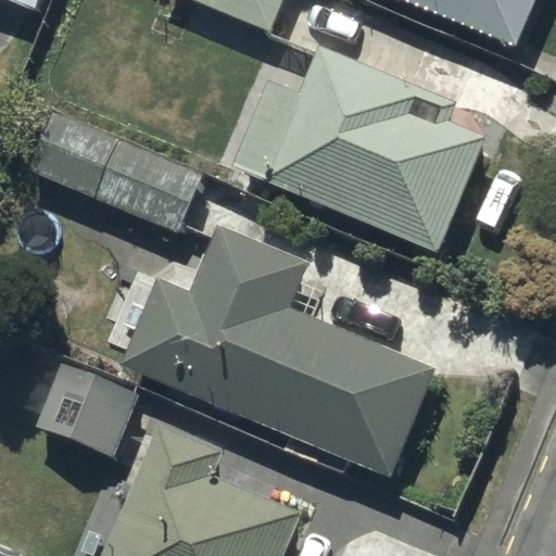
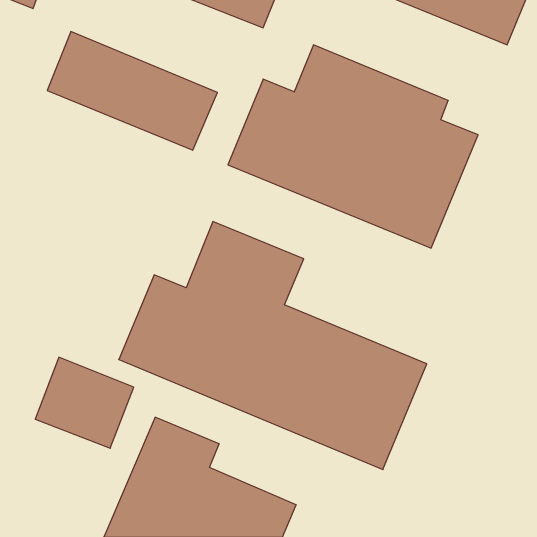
building: [27,110,200,230] -> [47,32,217,150]

